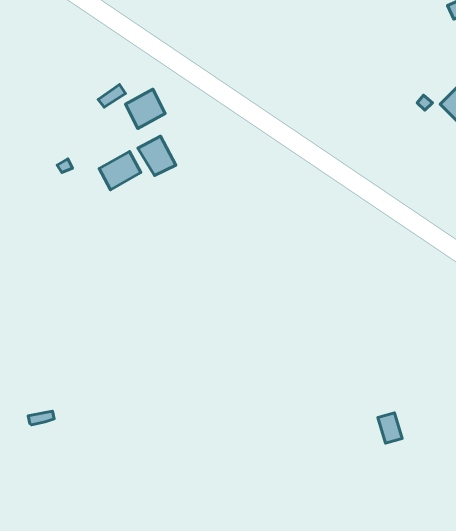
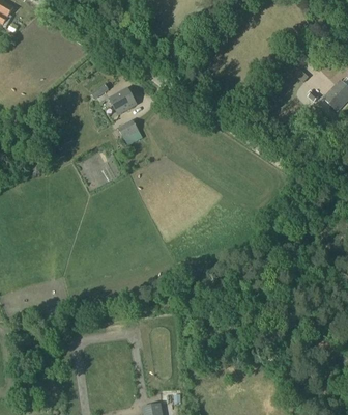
building: [99,151,141,190] -> none

